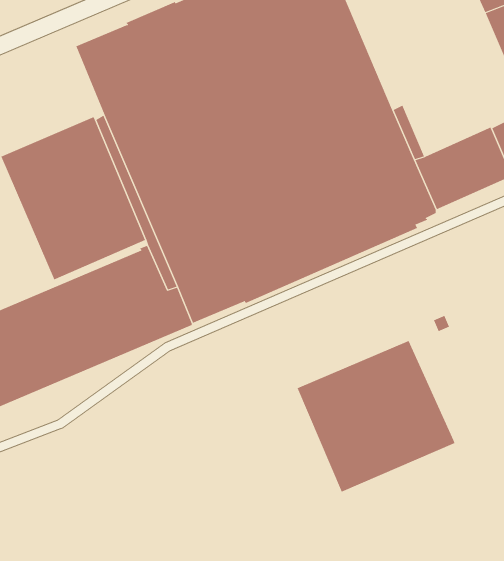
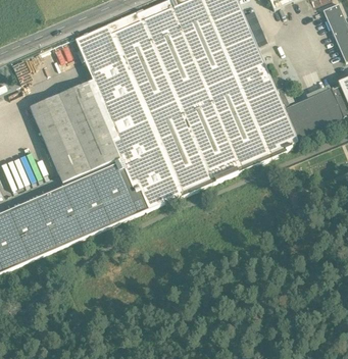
building: [297,340,455,492] -> none

